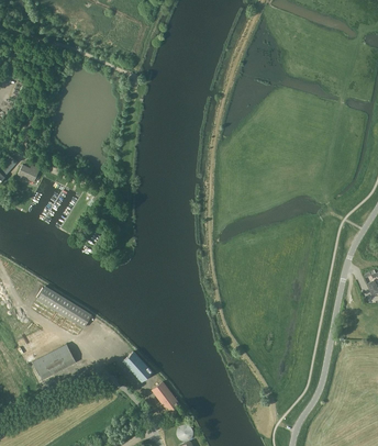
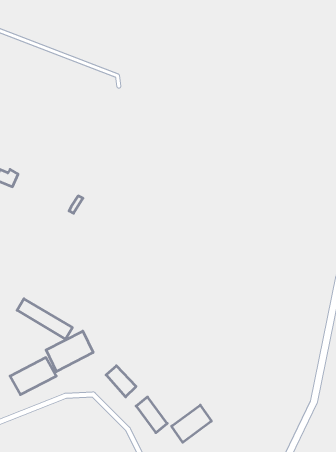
building: none -> [46,331,93,372]
building: none -> [172,405,211,442]

